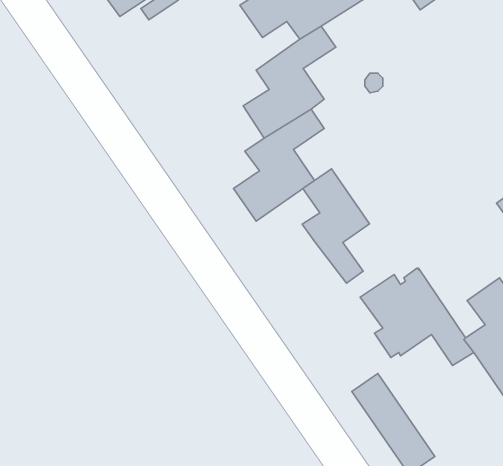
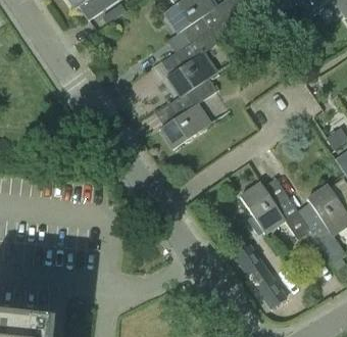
building: [302,169,369,283] -> none

